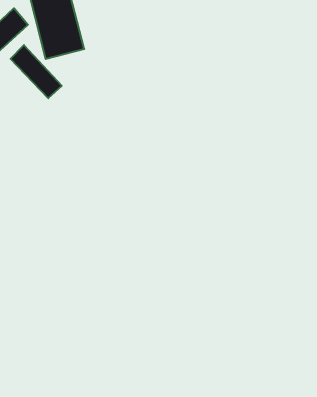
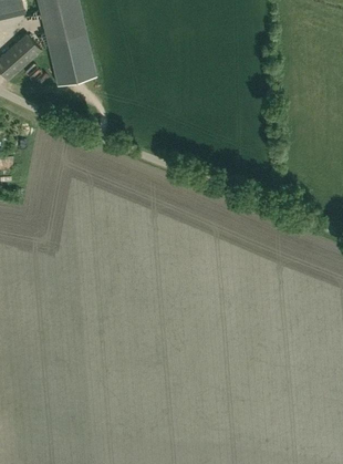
building: [11,45,62,98] -> none

